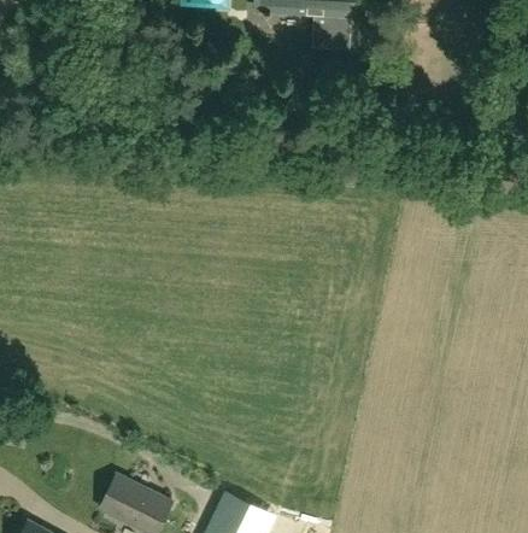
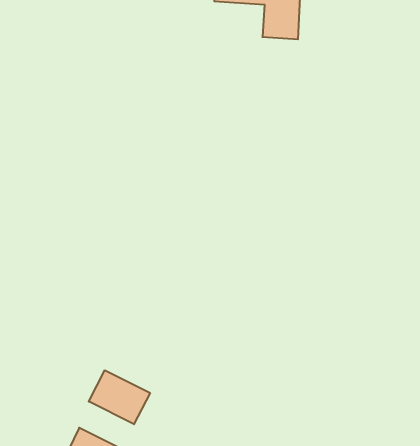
building: none -> [89,370,150,424]

